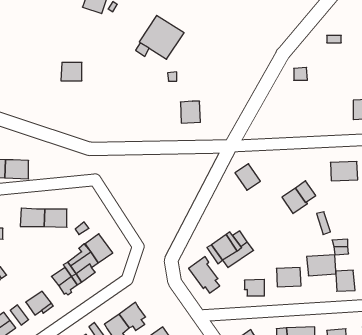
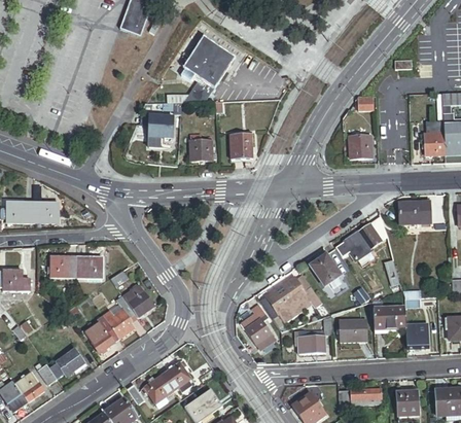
building: [61,62,82,81] -> [149,115,173,136]
building: none -> [190,135,213,162]
building: none -> [349,136,371,158]
building: [235,164,260,190] -> [311,254,340,284]

